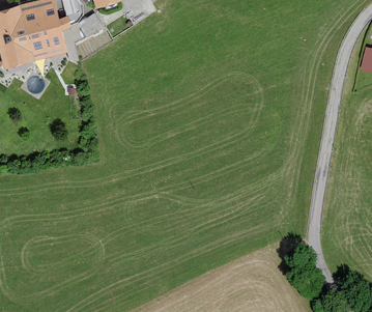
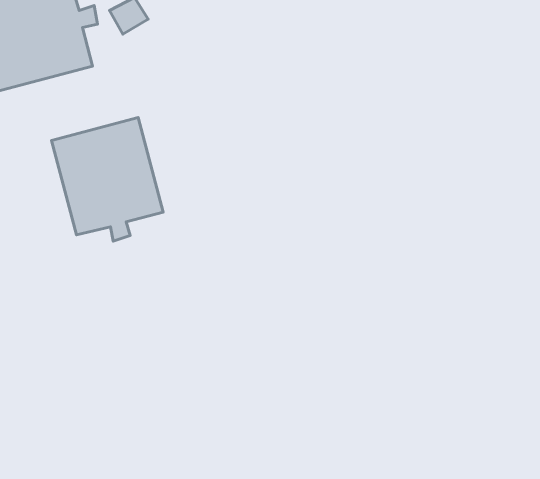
building: none -> [52,117,163,241]

